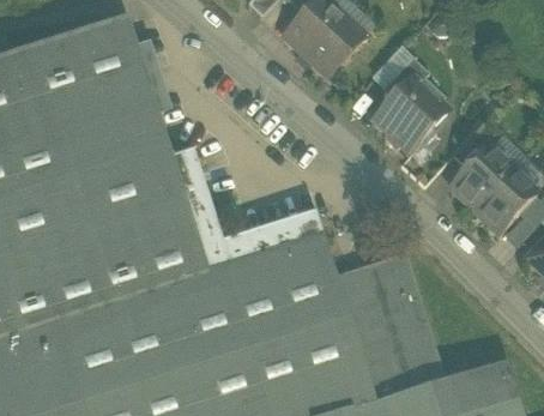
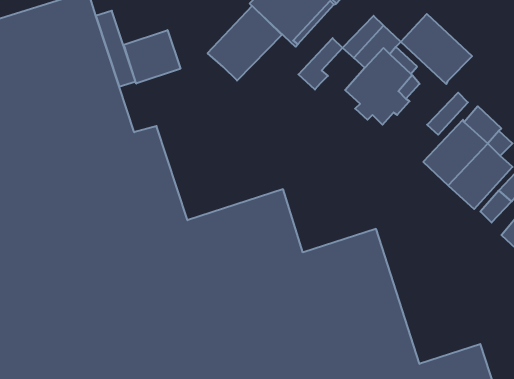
building: none -> [208,6,282,81]
building: none -> [401,14,472,84]
building: none -> [123,30,180,84]
building: none -> [298,38,343,90]

